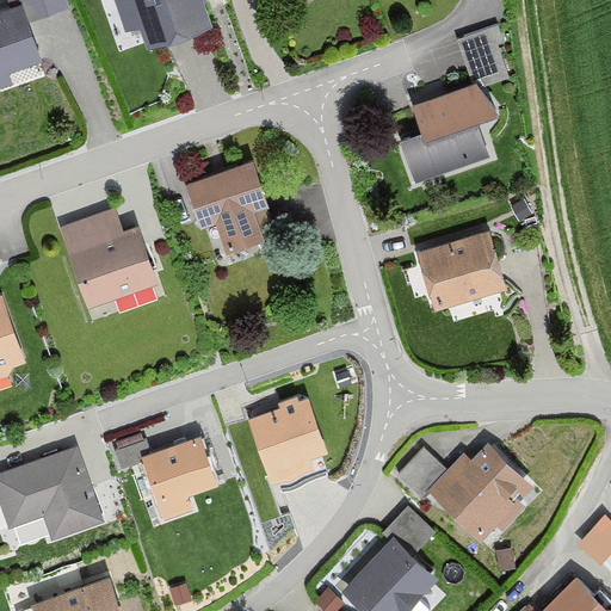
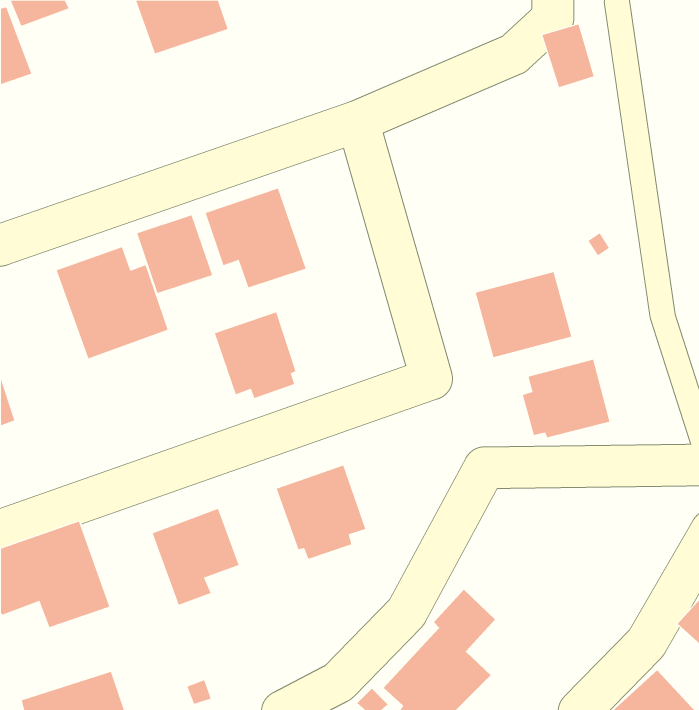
building: [394,80,495,183] -> none
building: none -> [136,214,213,294]
building: none -> [214,312,296,399]
building: none -> [522,359,610,438]
building: [400,443,532,539] -> none

